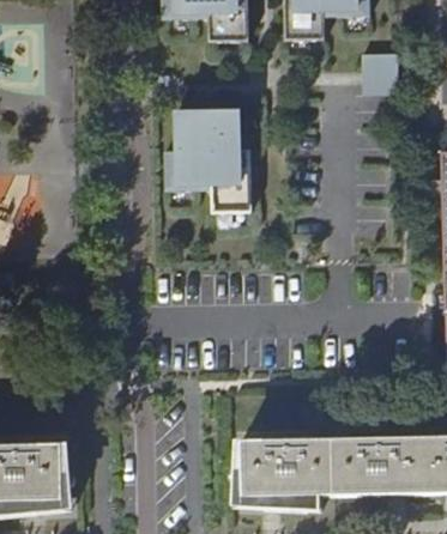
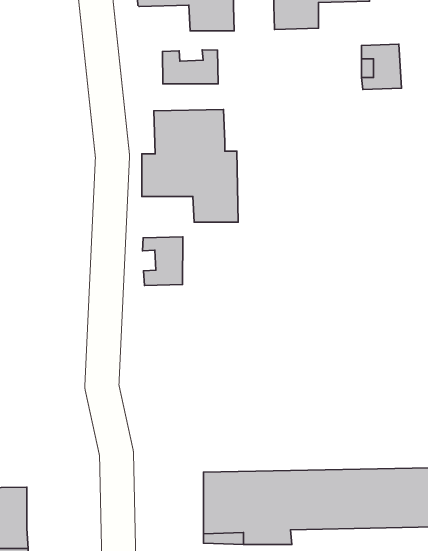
building: none -> [162,50,218,84]
building: none -> [143,237,183,285]

